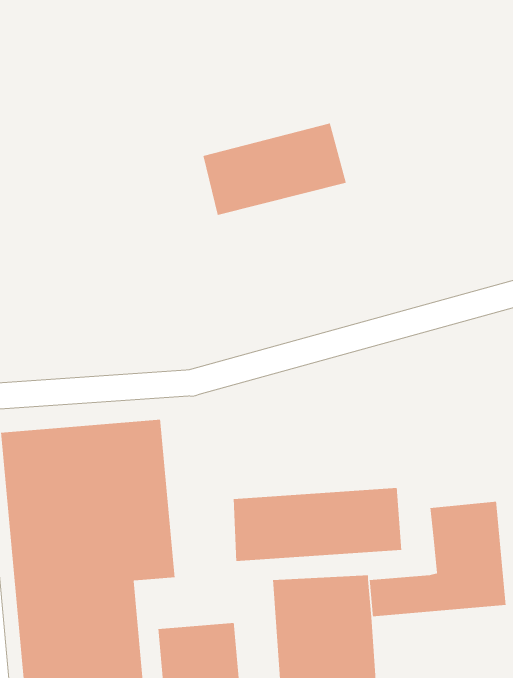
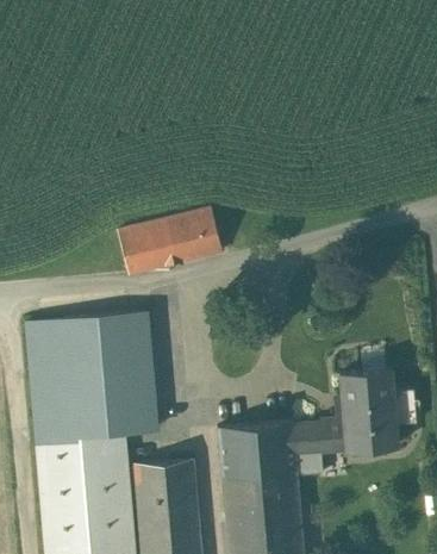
building: [203,123,347,216] -> [114,210,219,278]
building: [233,487,402,562] -> none

